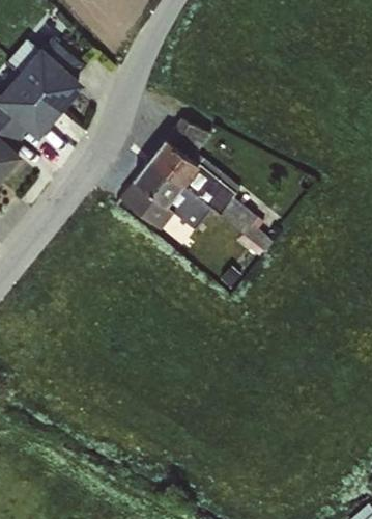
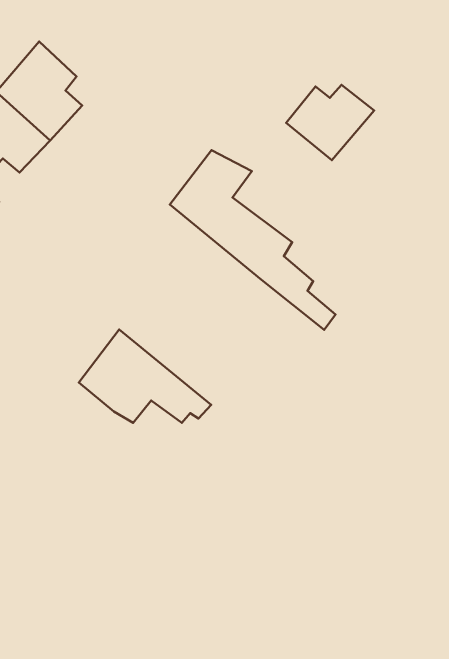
building: none -> [286,85,374,160]
building: [118,161,217,230] -> [79,329,211,423]

